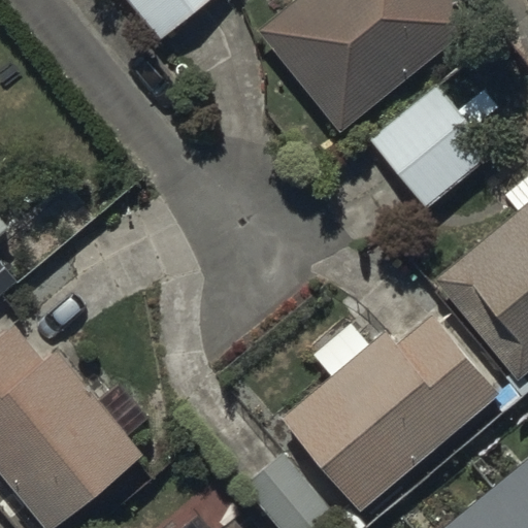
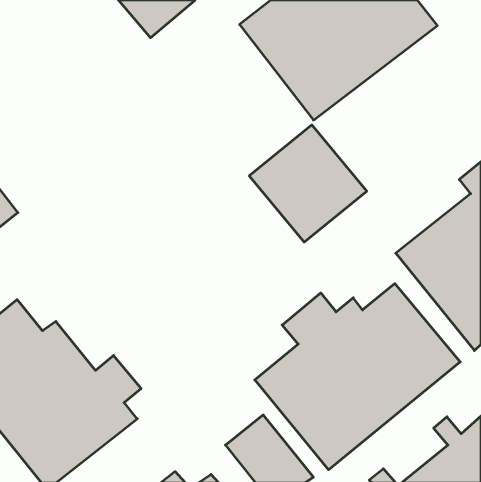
building: [374,80,502,208] -> [249,125,367,242]

